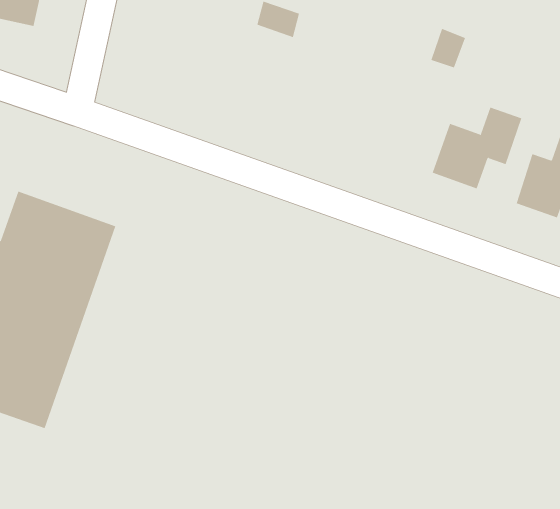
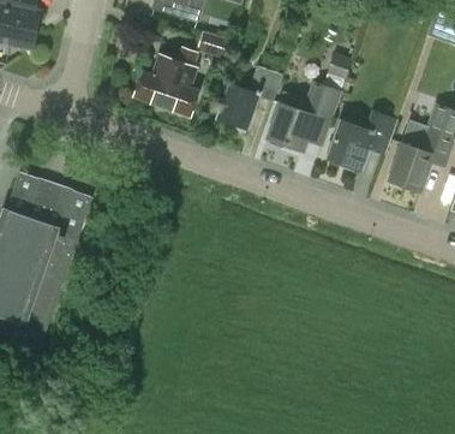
building: none -> [136,46,198,115]
building: none -> [216,66,282,131]
building: none -> [268,81,342,150]

